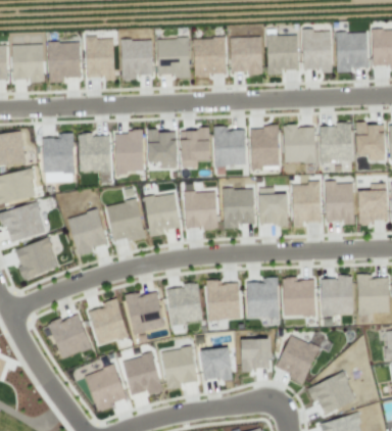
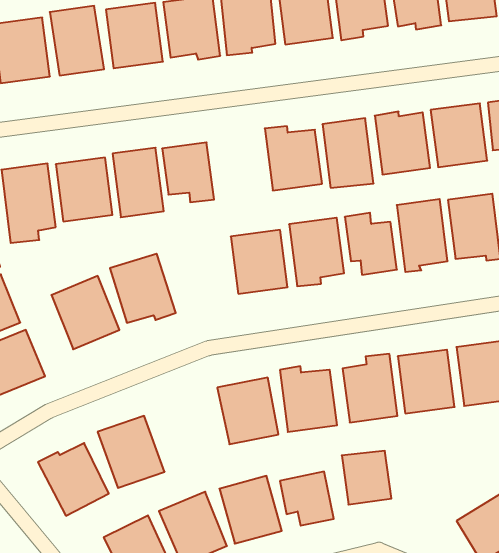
building: [180,130,209,166] -> none
building: [145,193,179,236] -> none
building: [126,290,164,333] -> none
building: [276,334,325,381] -> none

